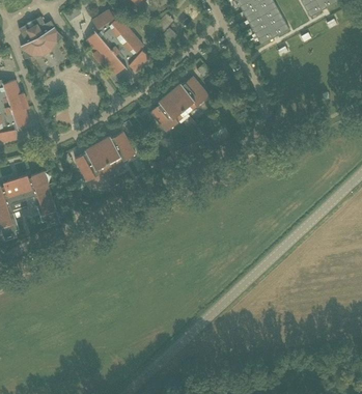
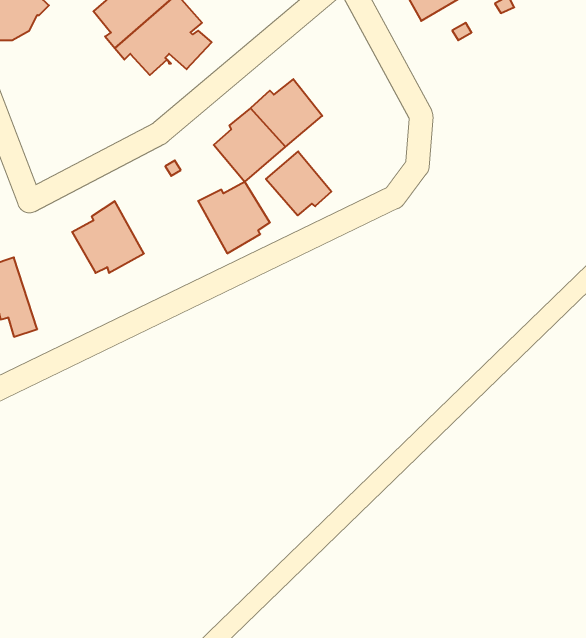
building: none -> [266,151,331,215]
building: [98,131,136,169] -> [198,182,270,253]

